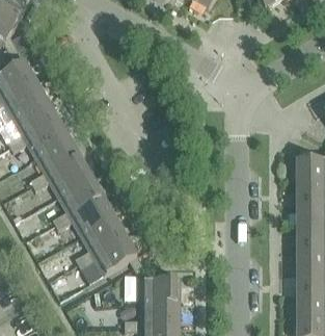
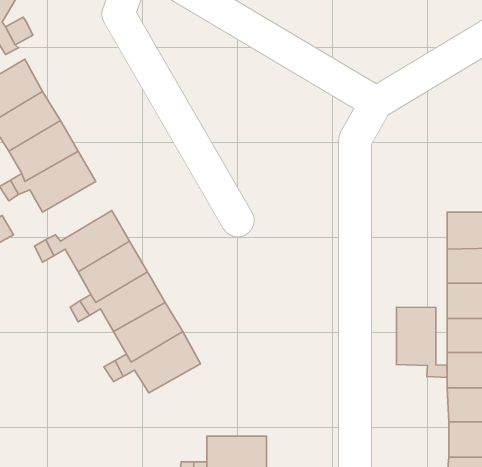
building: [35,137,80,176] -> none
building: none -> [396,307,447,377]
building: [134,262,180,302] -> none

